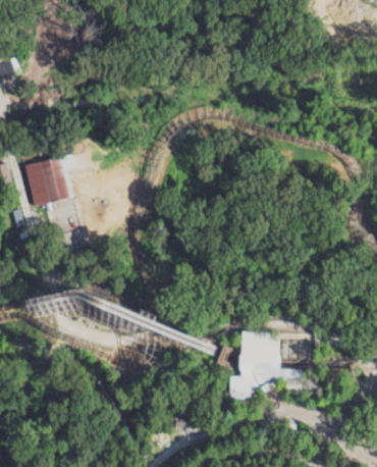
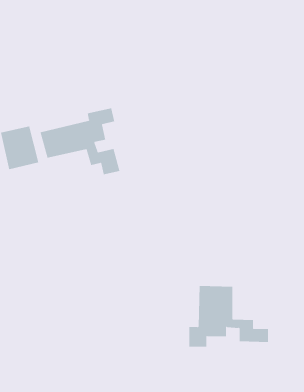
building: none -> [40,107,120,175]

